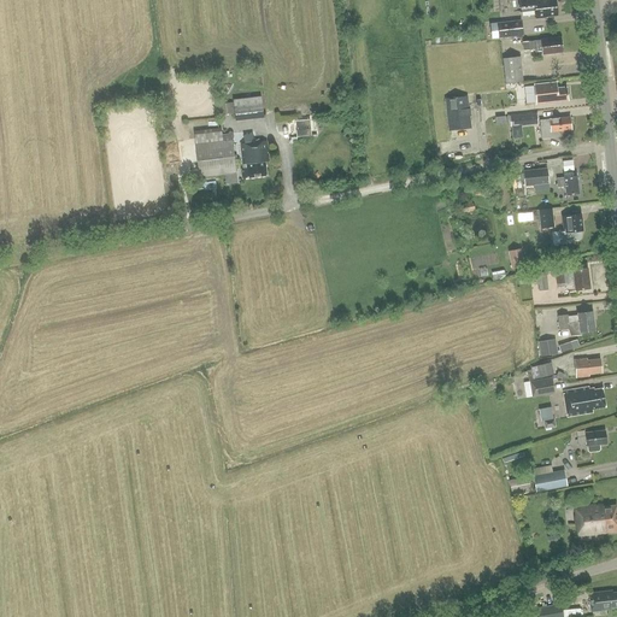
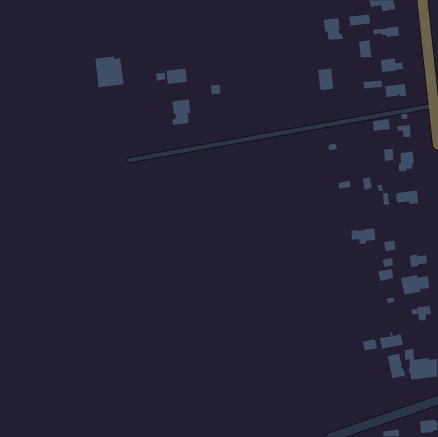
building: none -> [323,18,344,41]
building: [194,130,236,176] -> [94,56,124,88]
building: [558,311,594,335] -> [350,228,376,245]
building: none -> [387,353,406,379]

